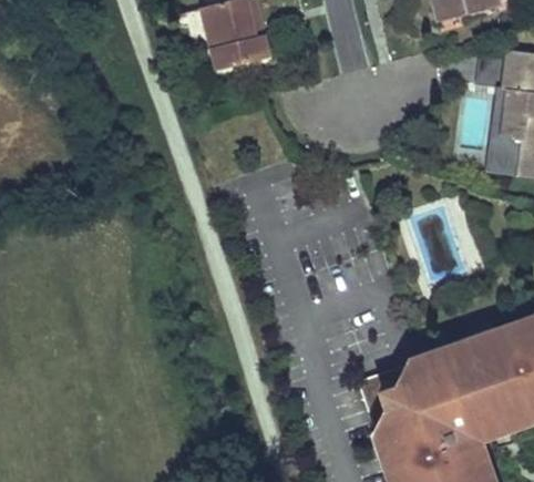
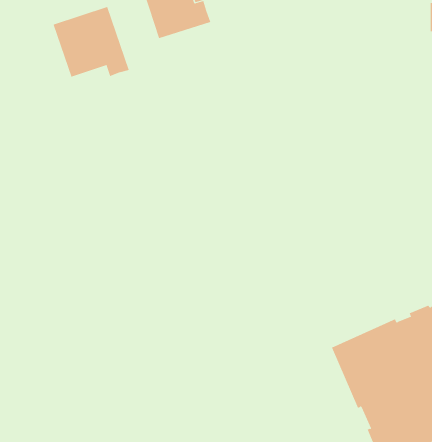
building: none -> [53,6,129,77]

